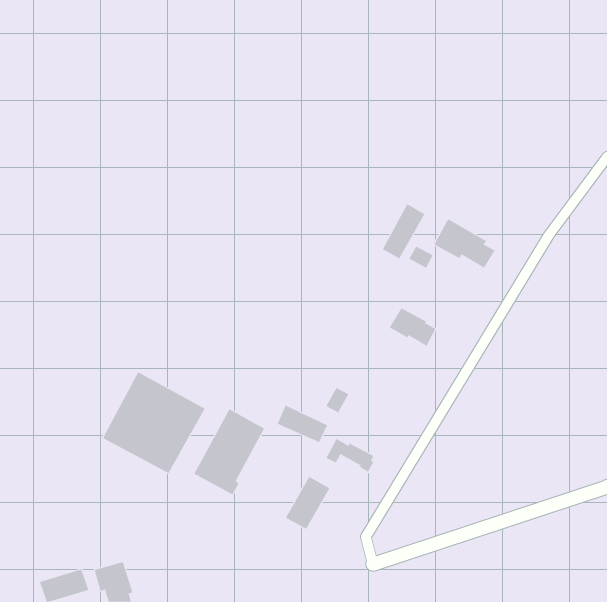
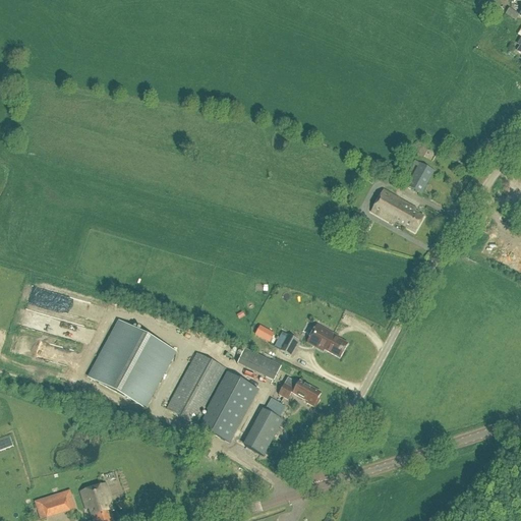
building: none -> [407,160,435,191]
building: [382,203,425,259] -> none
building: [389,307,436,347] -> [307,323,348,356]
building: none -> [199,370,258,441]

